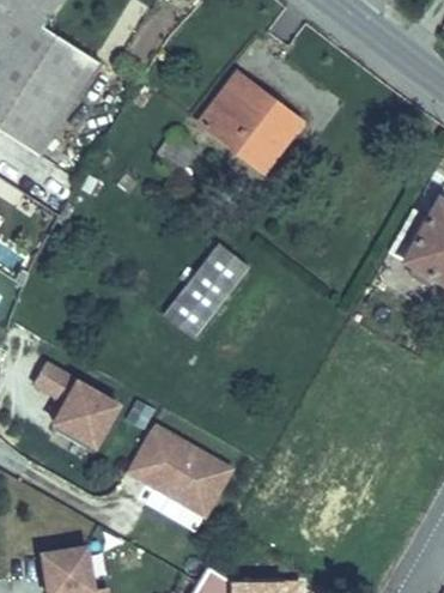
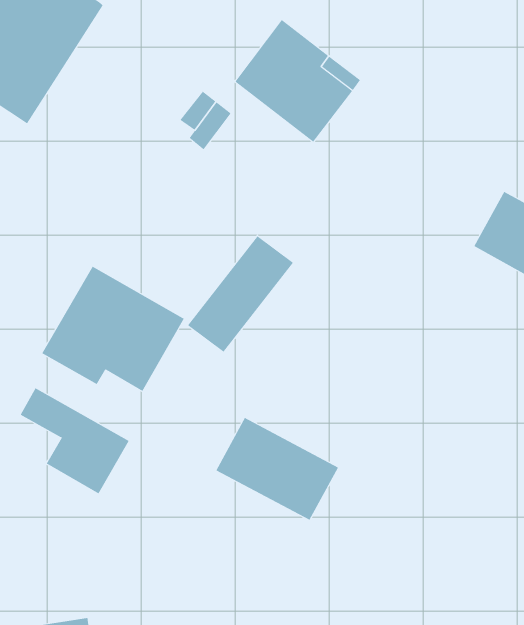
building: none -> [41,266,185,392]
building: [134,431,231,513] -> [215,417,339,521]

